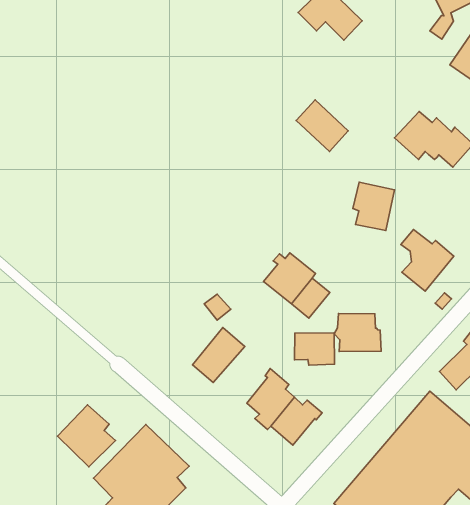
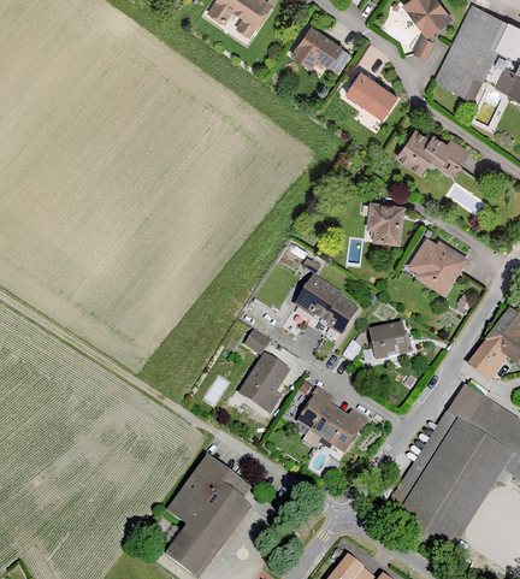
building: [296,100,348,151] -> [347,72,396,118]
building: [294,333,335,365] -> none
building: [57,405,115,467] -> none

